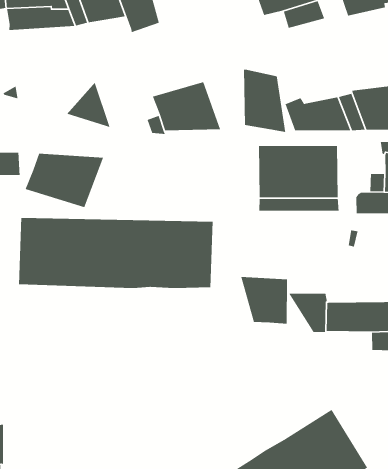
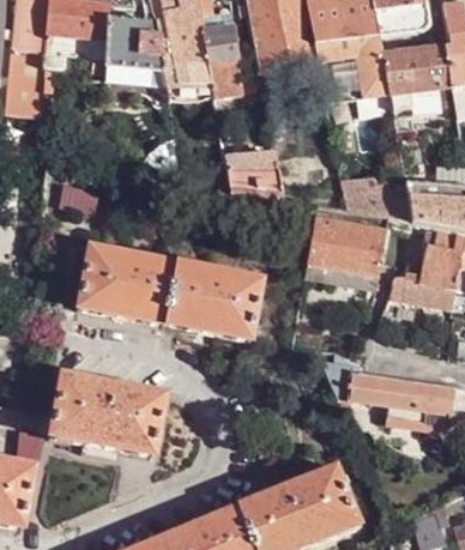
building: [243,69,286,133] -> none
building: [25,153,104,208] -> none
building: [240,276,288,324] -> none
building: none -> [49,373,164,453]

